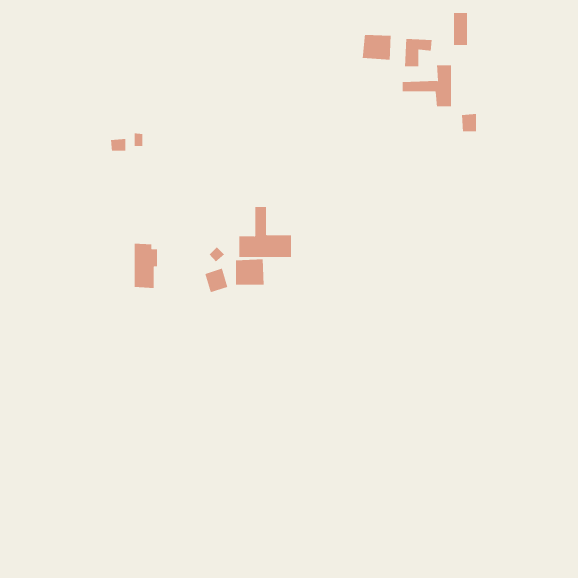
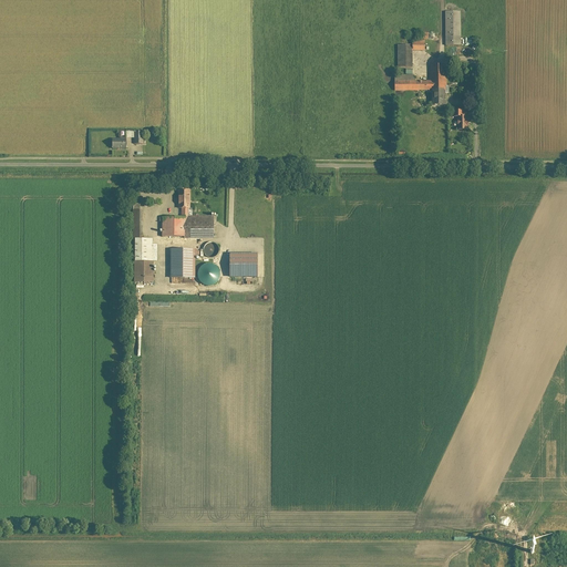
building: [362,34,391,61] -> none
building: [238,206,292,257] -> [161,186,213,236]
building: none -> [169,248,195,277]

